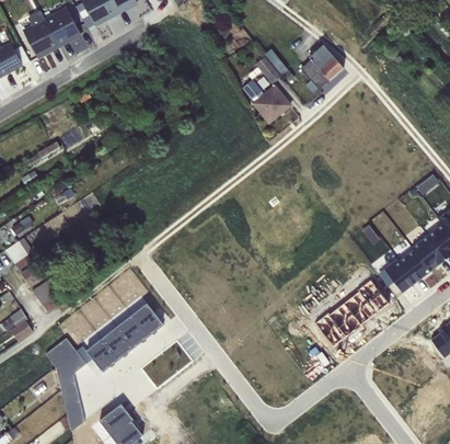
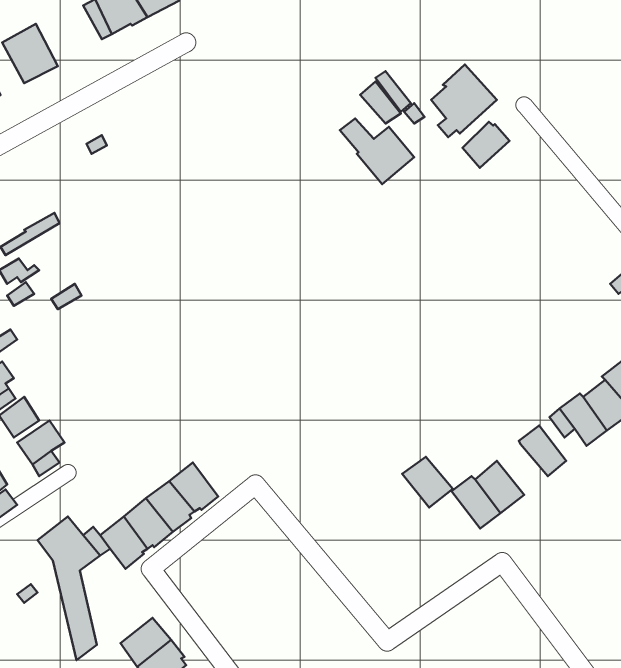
building: [44,7,80,45] -> none
building: none -> [462,122,510,168]
building: [343,291,376,323] -> [402,457,453,507]

